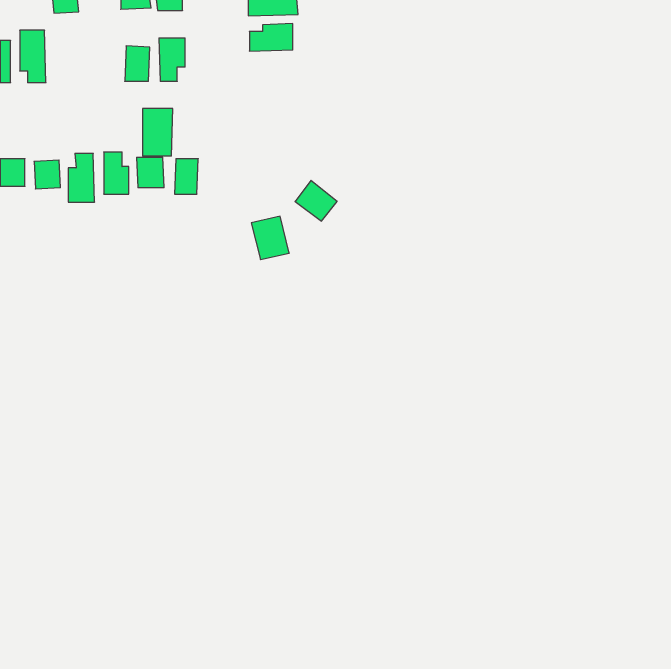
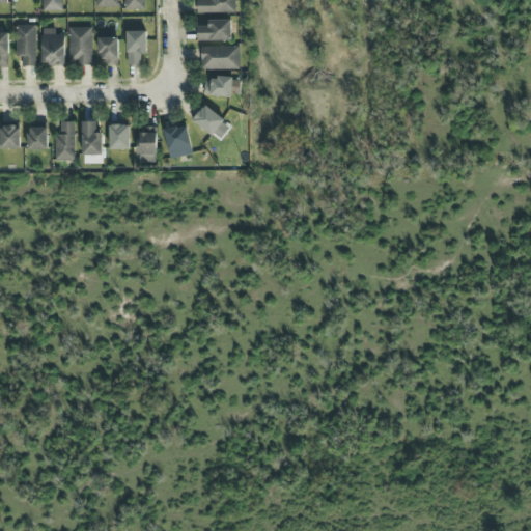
building: none -> [41,28,64,64]
building: none -> [201,46,239,68]
building: none -> [203,77,232,95]
building: [143,109,173,156] -> [68,27,92,64]
building: [295,180,337,221] -> [191,103,224,135]
building: [251,216,289,260] -> [163,124,193,159]

